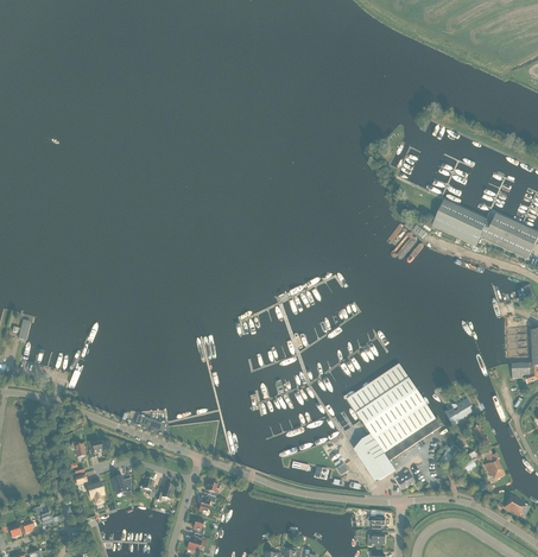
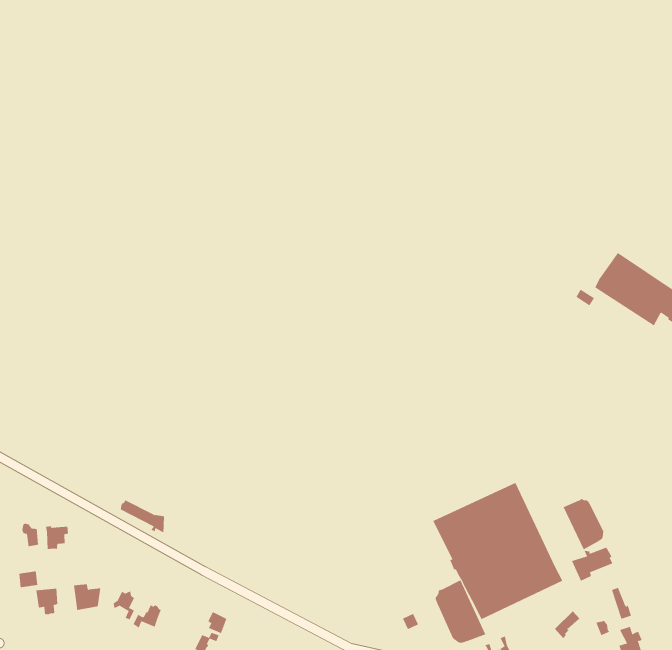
building: none -> [563,498,604,550]

